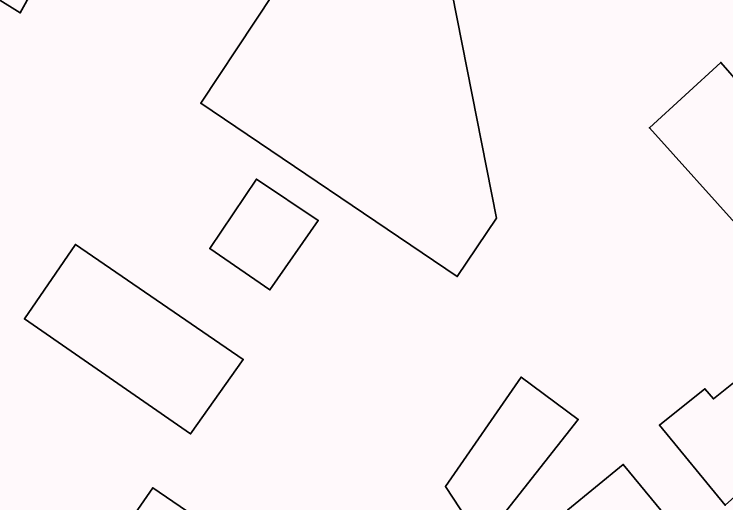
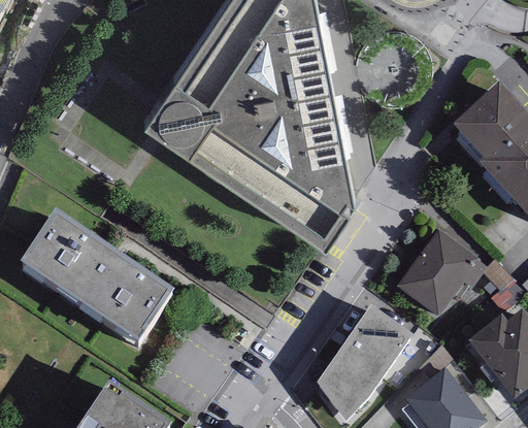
building: [210,179,318,290] -> none
building: none -> [396,231,485,318]

